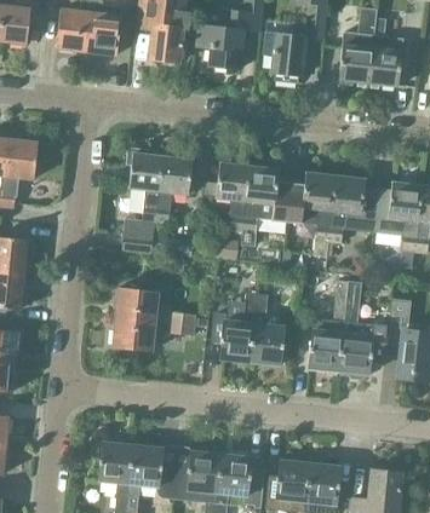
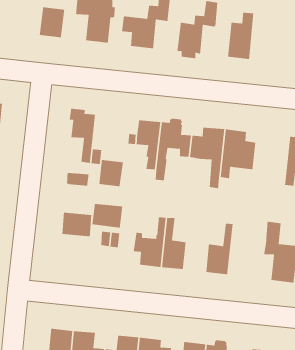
building: [56,8,91,51] -> none
building: [368,21,402,87] -> none
building: [159,156,193,194] -> [98,159,124,187]
building: [373,183,422,252] -> none
building: [339,292,389,380] -> none
building: [113,317,155,351] -> [91,203,123,228]

